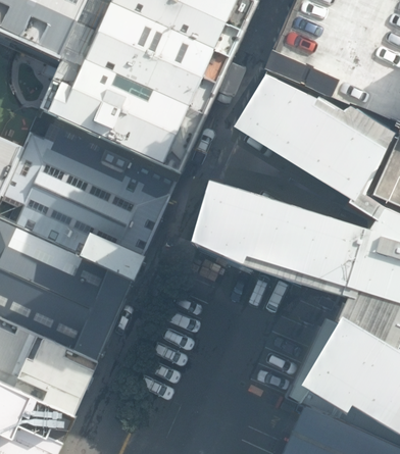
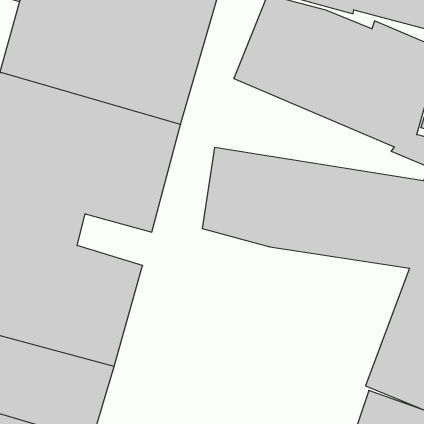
building: [86,221,147,269] -> none

